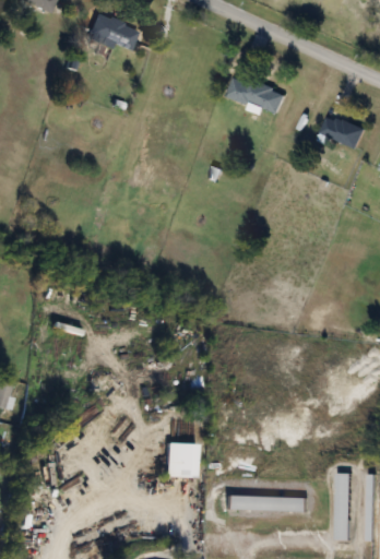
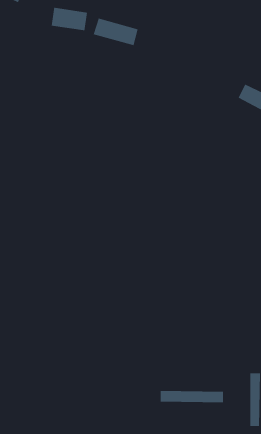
building: [227,79,284,114] -> [93,18,138,46]
building: [164,444,193,477] -> none

